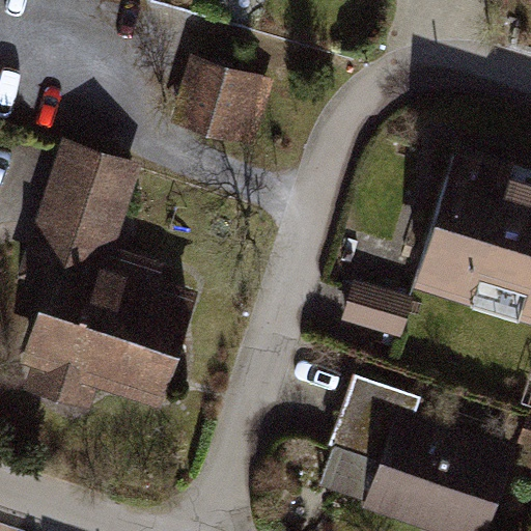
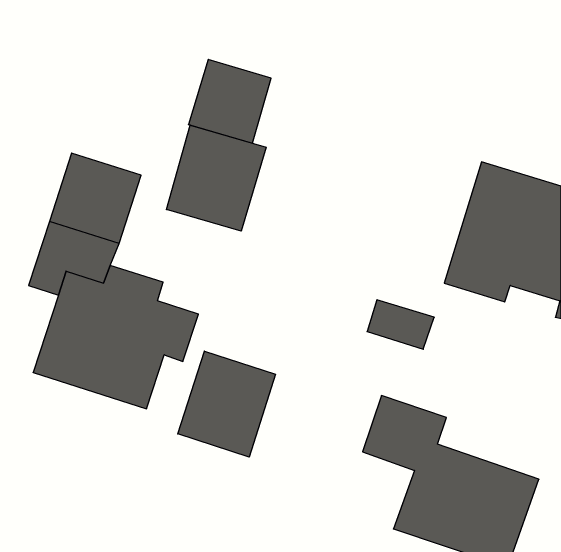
building: none -> [166,125,266,231]
building: none -> [178,351,276,457]

